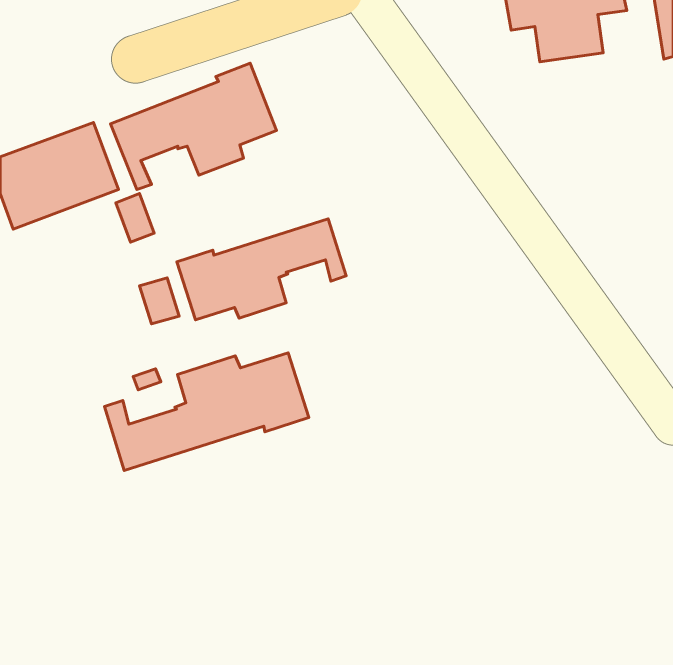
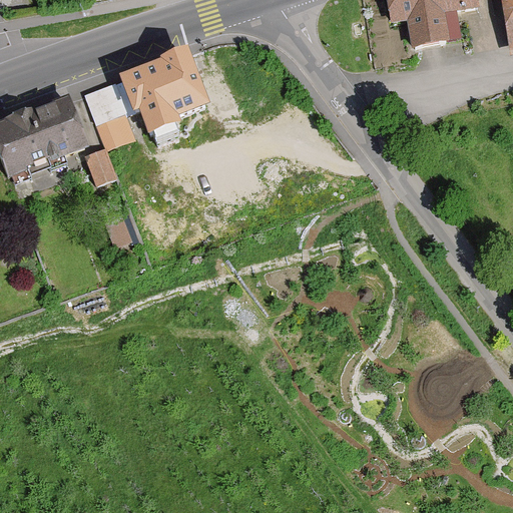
building: [177,219,346,320] -> none
building: [104,353,309,470] -> none

